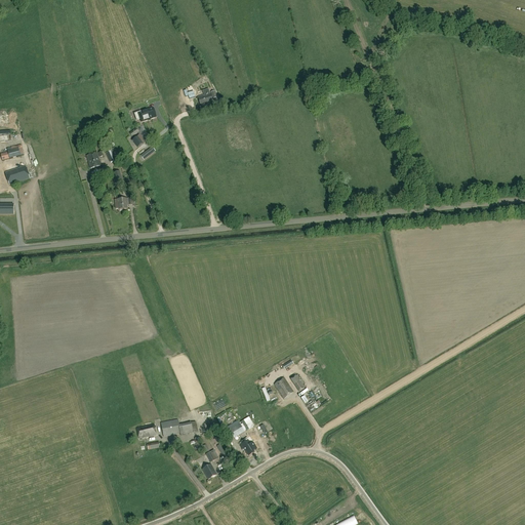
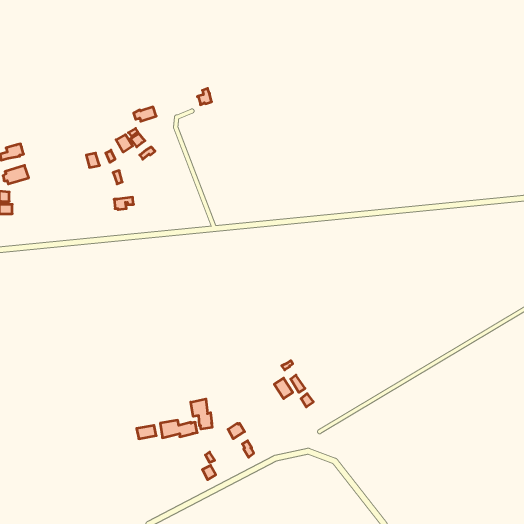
building: none -> [191,399,212,429]

